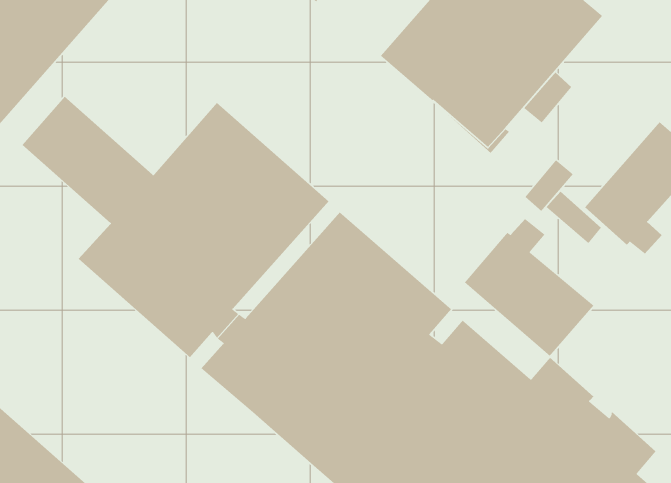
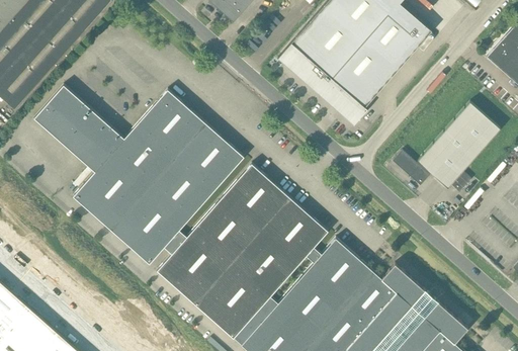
building: [523,72,572,124] -> none
building: [525,159,574,212] -> none
building: [464,218,595,357] -> none

